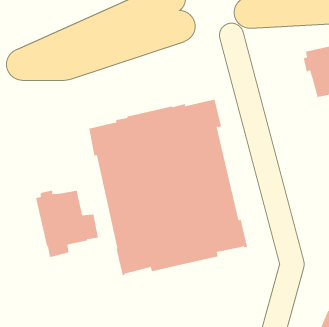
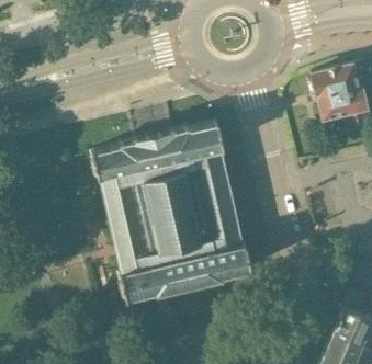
building: [36,190,99,258] -> none

